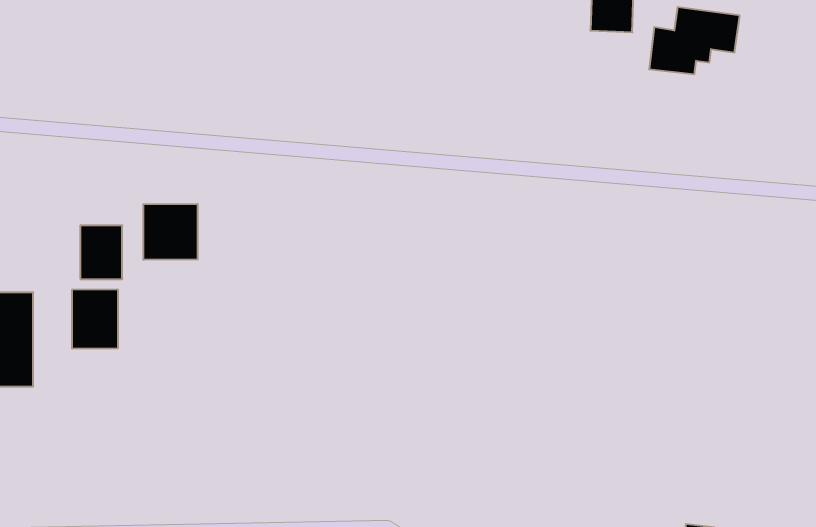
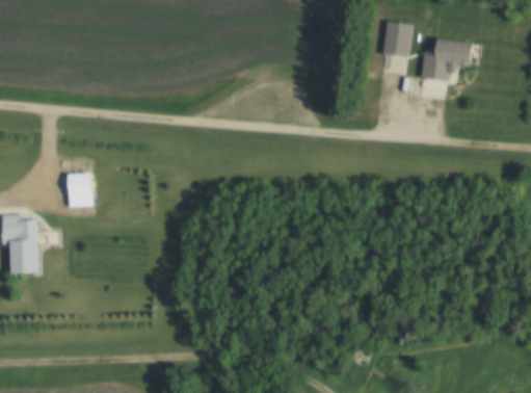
building: [144,204,197,260] -> none
building: [72,289,118,349] -> none

